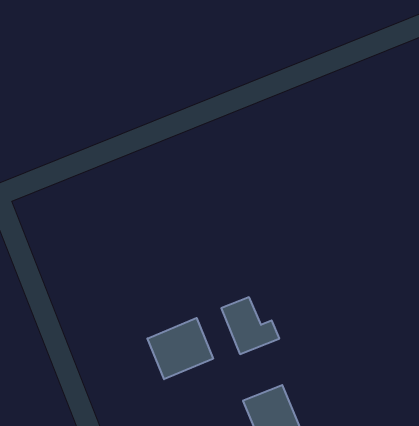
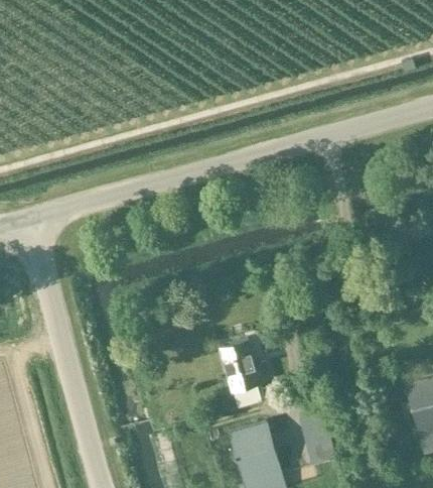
building: [147,318,213,379] -> none

